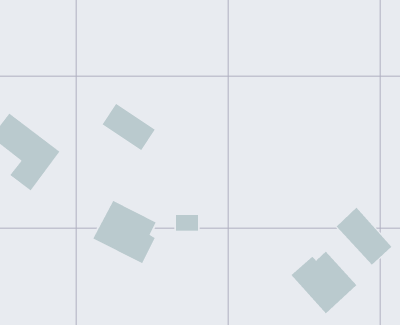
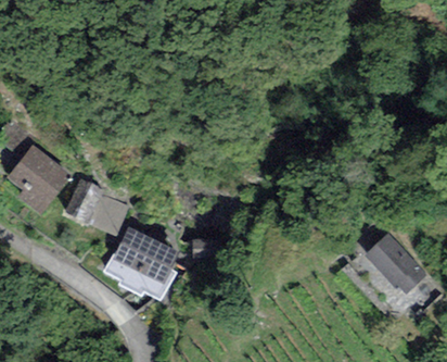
building: [101,103,156,151] -> [71,188,128,239]
building: [291,251,357,314] -> none

